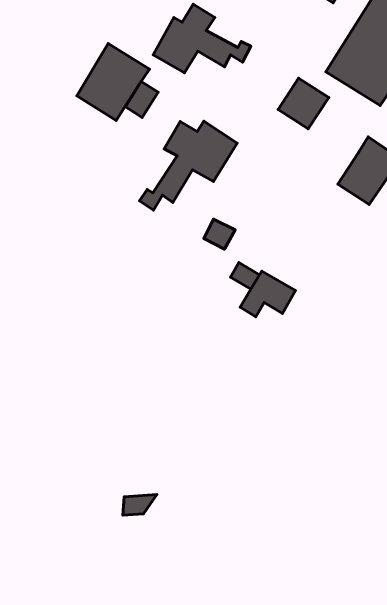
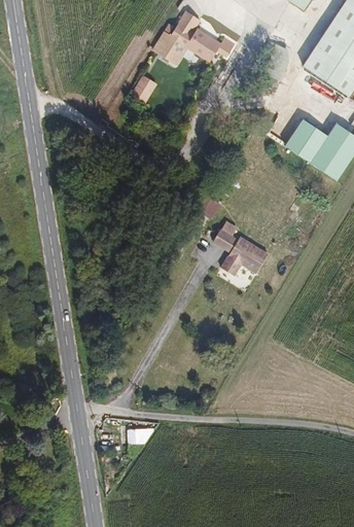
building: [77,44,149,120] -> none
building: [278,78,329,129] -> [284,118,327,162]
building: [140,121,237,210] -> none

